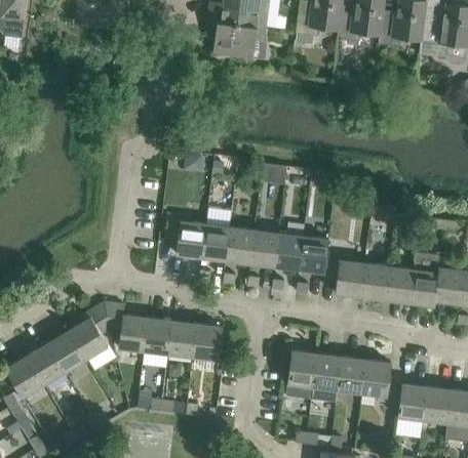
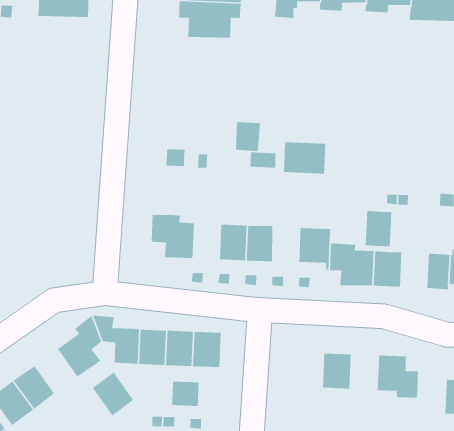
building: none -> [235,122,261,152]
building: none -> [283,142,326,174]
building: [202,225,230,261] -> none
building: [275,234,303,269] -> none
building: [391,267,419,303] -> [365,210,392,247]
building: [48,331,86,372] -> [92,372,134,416]
building: [285,351,315,400] -> none
building: [337,358,365,393] -> none
building: none -> [171,381,200,407]
building: [398,378,426,420] -> none

